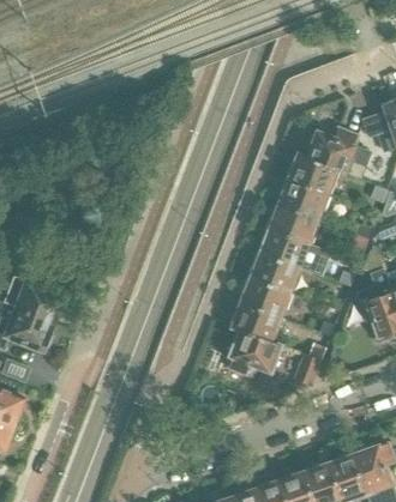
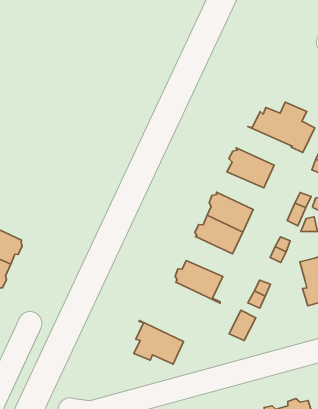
building: [288,155,348,194] -> none
building: [269,205,320,243] -> none
building: [242,277,292,317] -> none
building: [229,327,282,371] -> [134,320,184,364]

